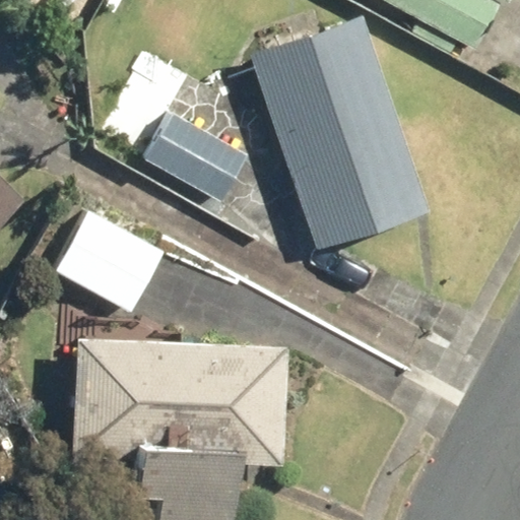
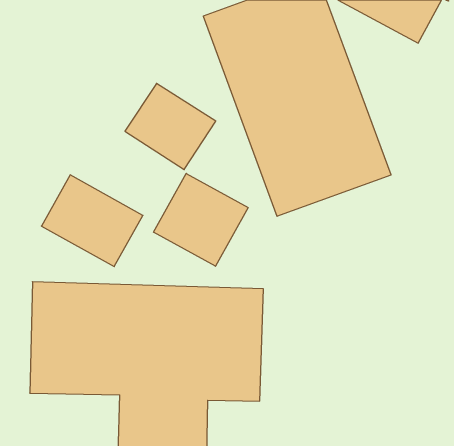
building: none -> [154,173,248,266]

